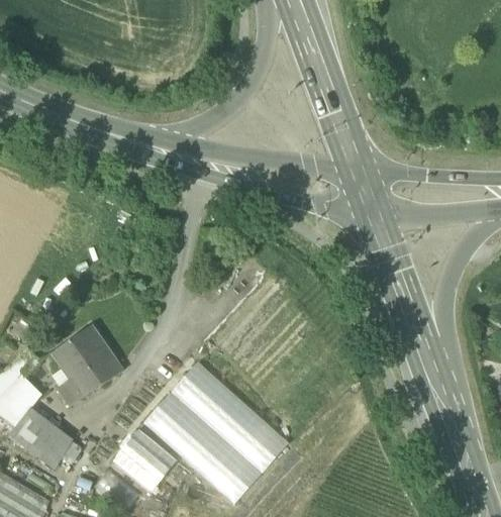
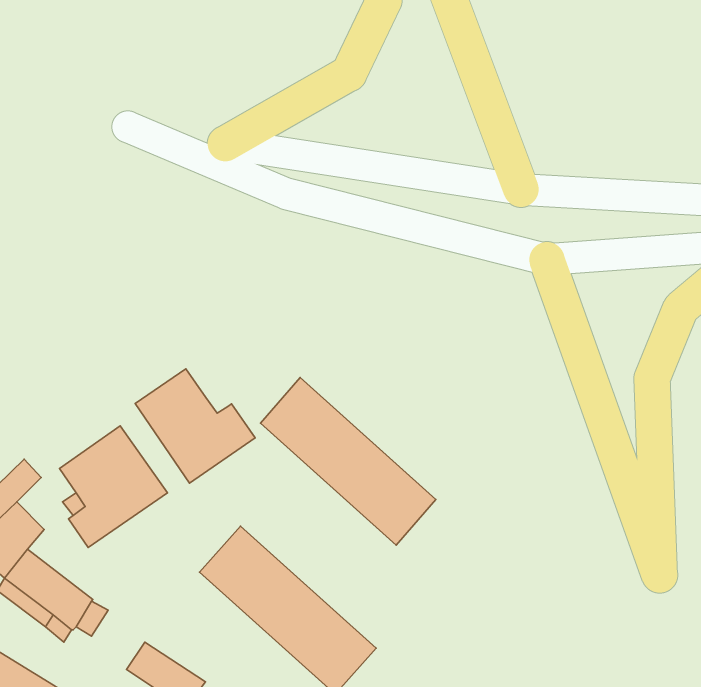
building: none -> [135,369,255,483]
building: [171,361,287,473] -> [261,378,436,545]
building: [112,429,176,492] -> none

